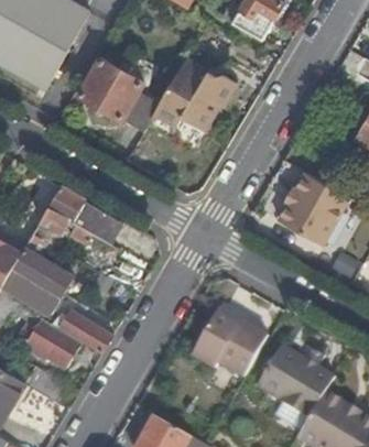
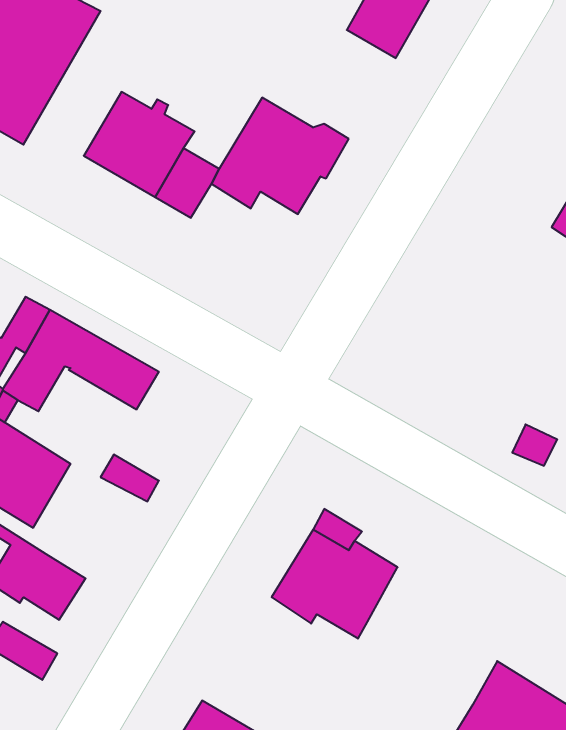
building: [279,173,349,244] -> none
building: [58,308,113,353] -> none
building: [256,344,334,416] -> none

